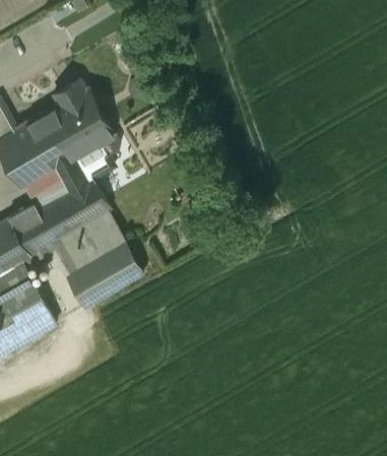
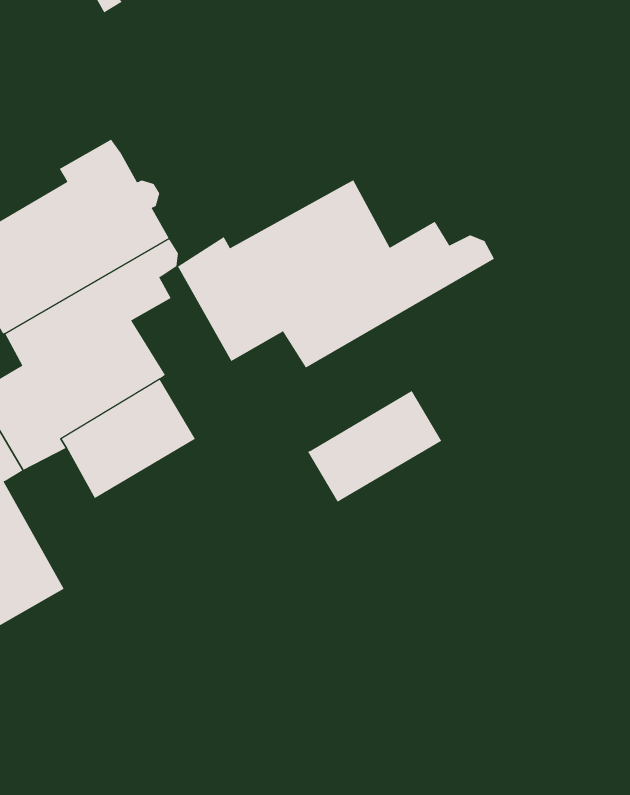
building: none -> [177,180,495,369]
building: [67,244,140,305] -> [307,390,442,503]

